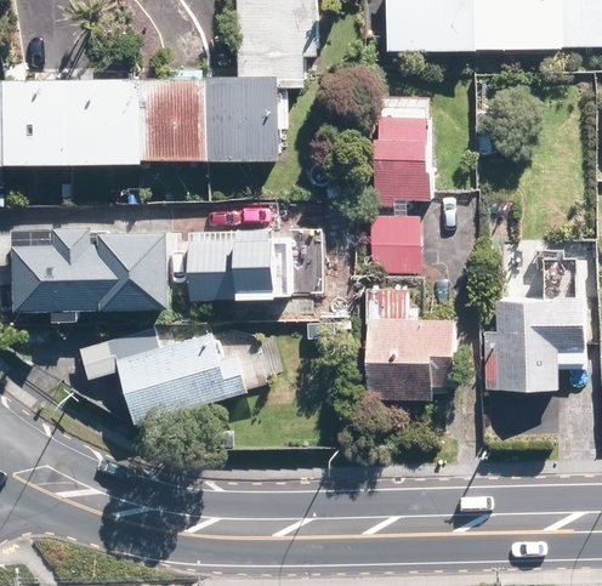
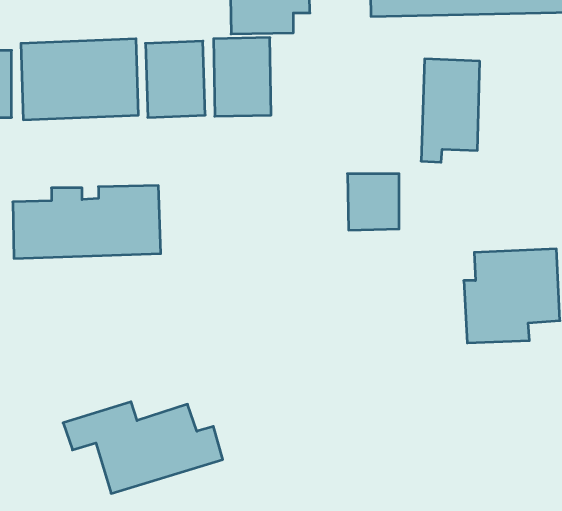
building: [370,102,431,209] -> [421,59,480,162]
building: [182,233,293,297] -> none
building: [363,323,451,397] -> none
building: [84,328,249,422] -> [63,402,223,493]

